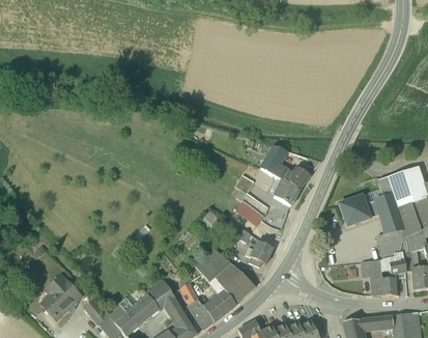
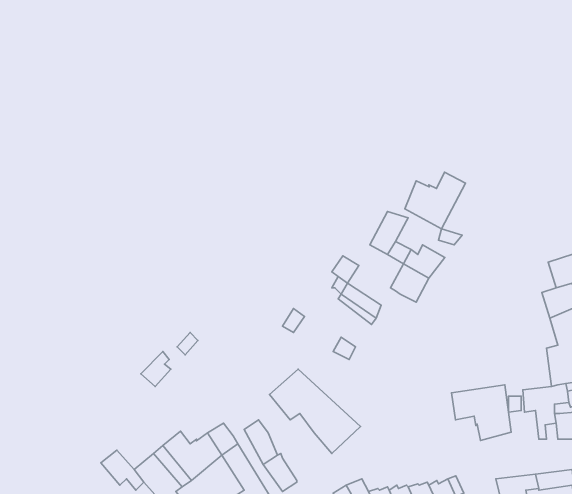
building: none -> [405,172,465,229]
building: [338,193,373,228] -> none
building: [246,241,273,267] -> none
building: none -> [451,385,511,440]
building: [41,275,81,318] -> none
building: [204,290,236,321] -> none

